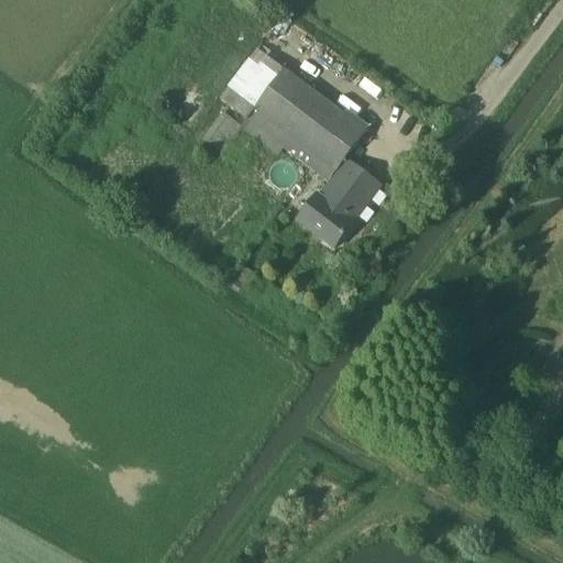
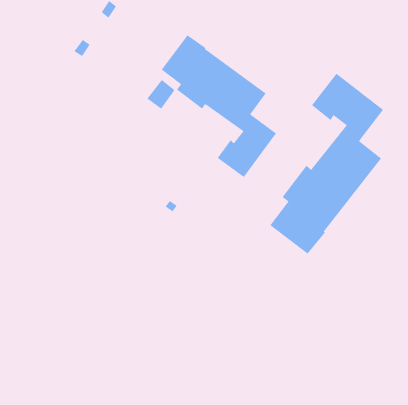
building: none -> [270,73,384,255]

